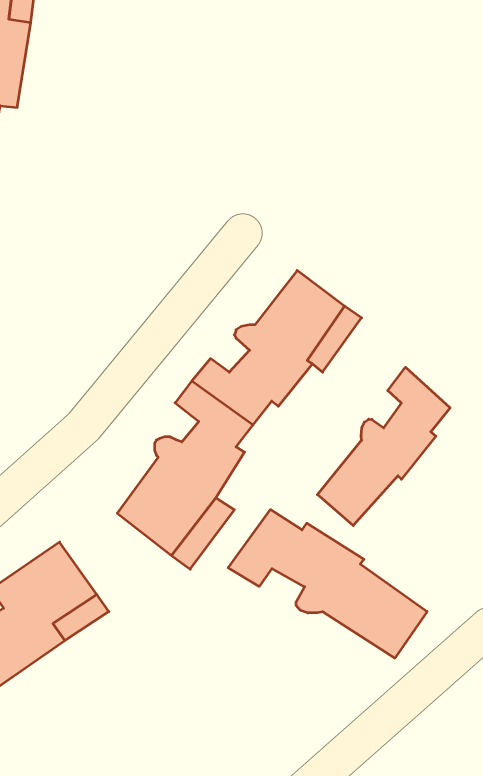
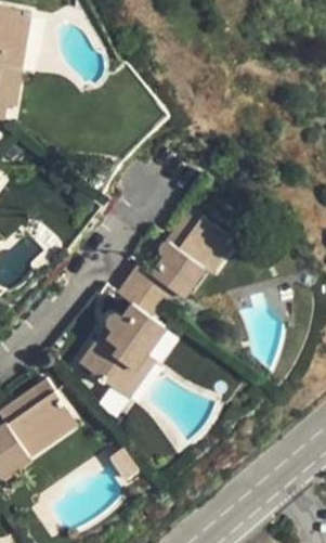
building: [317,367,450,526] -> none
building: [228,510,427,658] -> none

